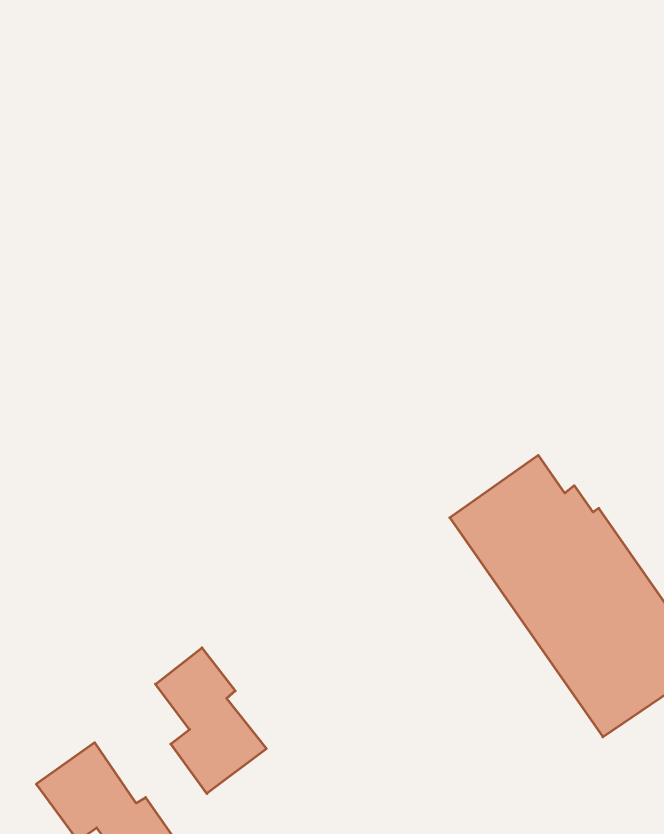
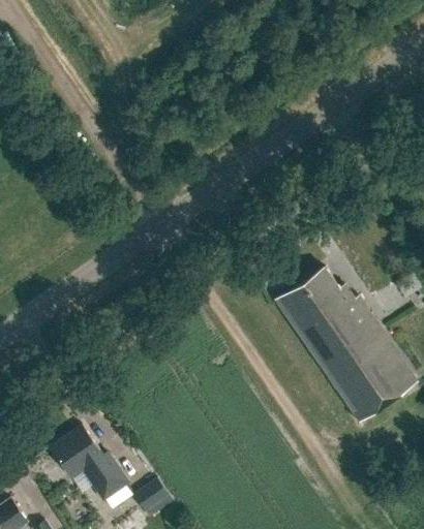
building: [155,648,266,794] -> none

